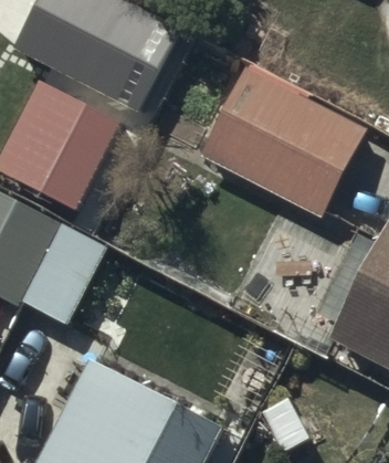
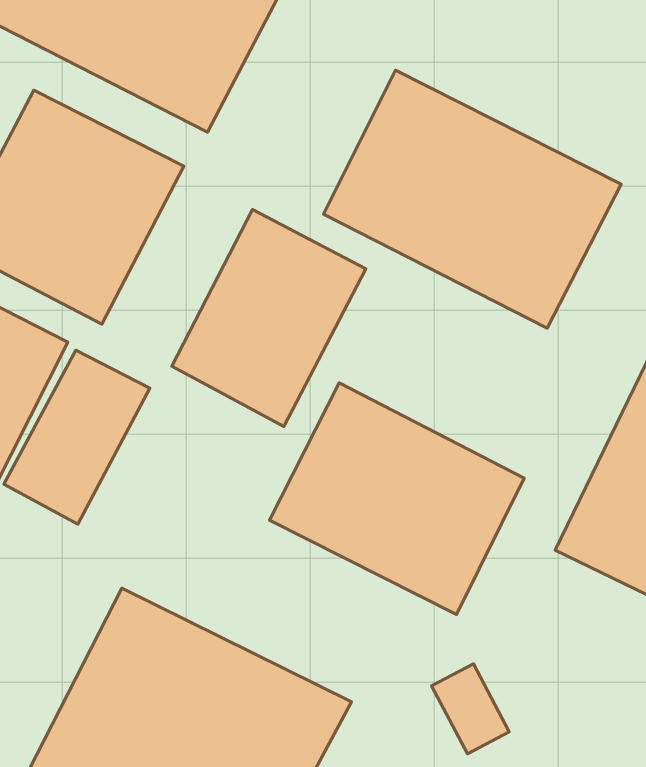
building: none -> [172,210,366,427]
building: none -> [270,383,524,614]

